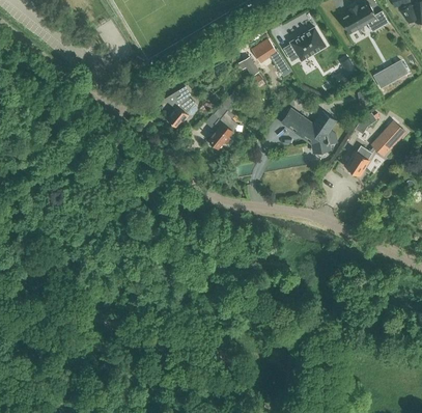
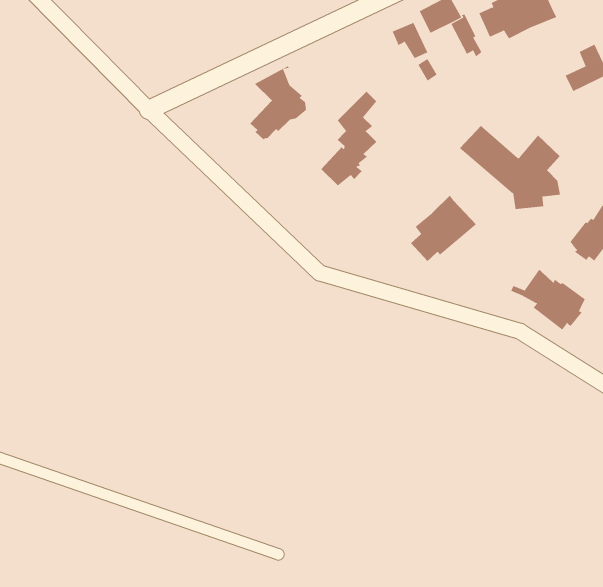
building: none -> [410,195,477,262]
building: none -> [510,269,585,331]

